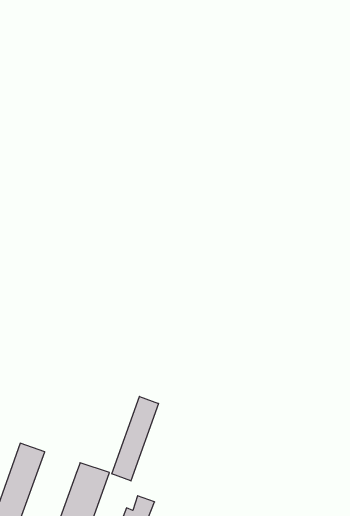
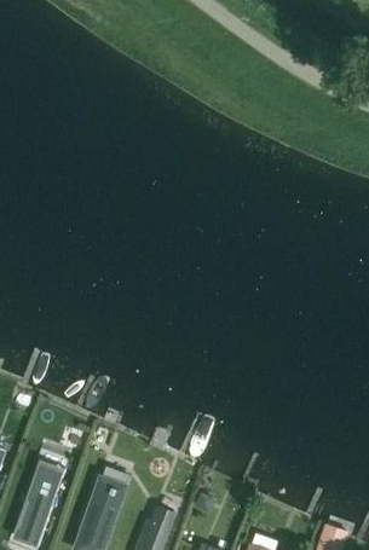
building: [112,396,158,481] -> none

